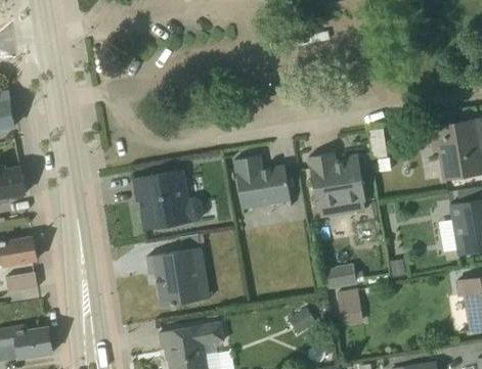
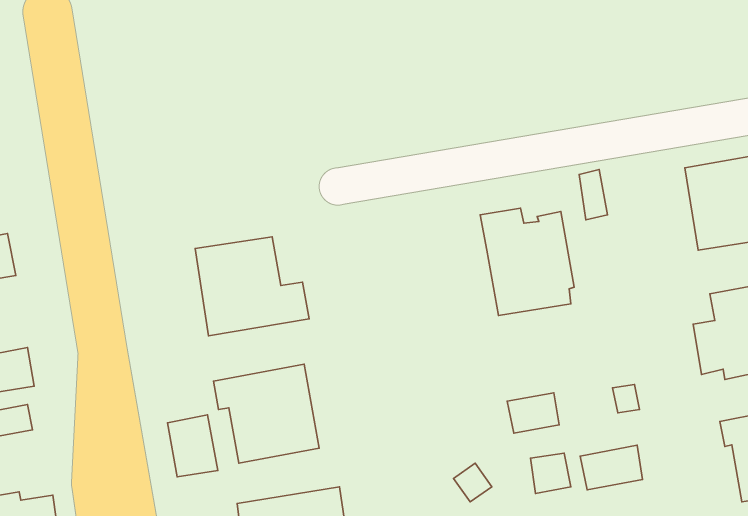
building: [233,155,292,211] -> none
building: none -> [168,415,218,477]
building: none -> [580,445,642,490]

